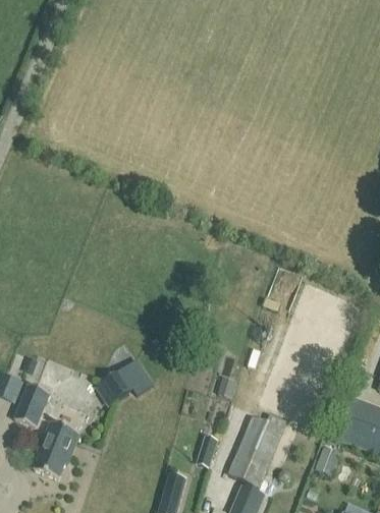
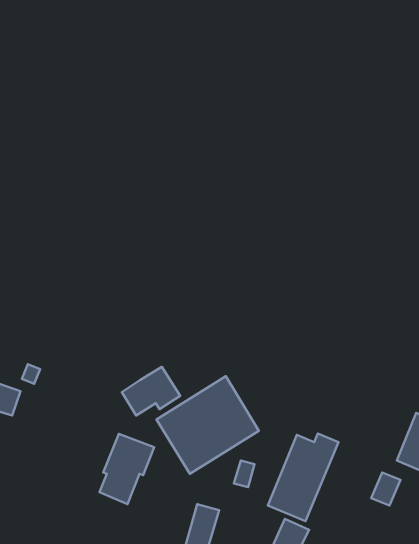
building: none -> [156,376,259,474]
building: [14,384,51,426] -> none
building: [35,420,80,479] -> [99,434,154,504]

